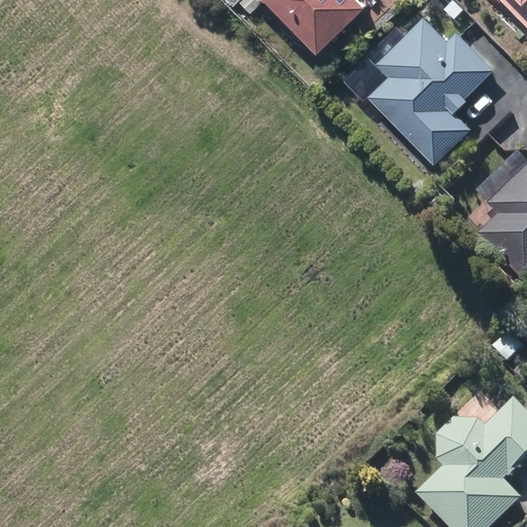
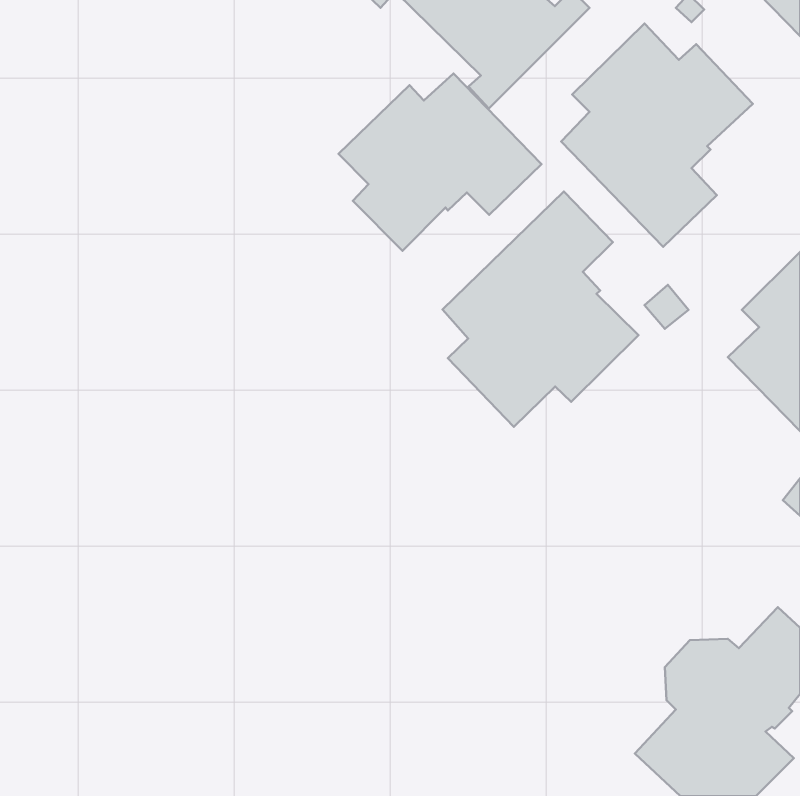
building: none -> [338,74,541,251]
building: none -> [443,192,638,427]

